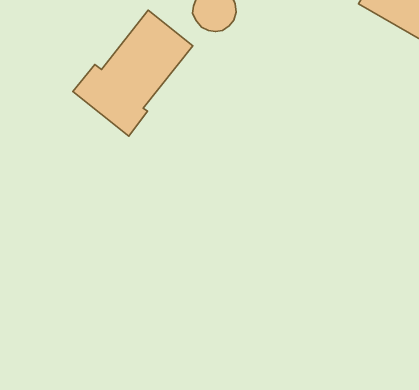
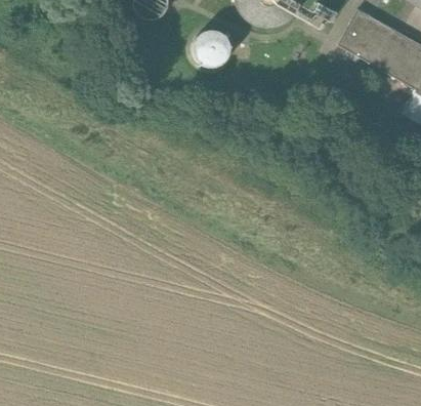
building: [73,10,193,136] -> none

